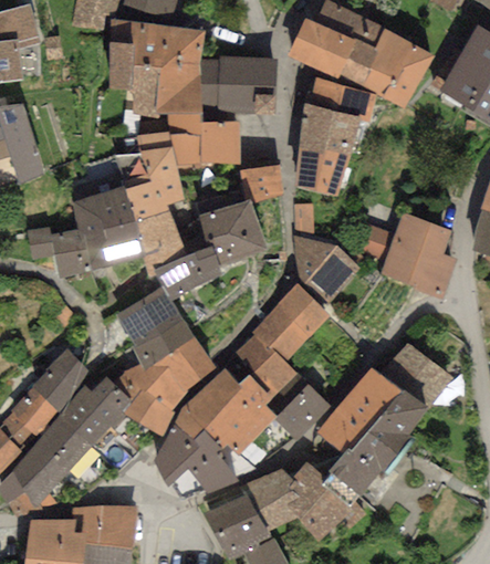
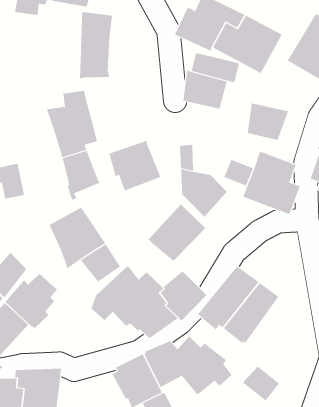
building: [107,18,161,116] -> none
building: [198,55,275,113] -> none
building: [166,112,239,169] -> none
building: [292,144,348,195] -> [247,103,289,141]
building: [239,164,283,202] -> none
building: [71,184,144,271] -> none
building: [153,244,221,300] -> none
building: [225,333,296,395] -> none
building: [378,342,452,408] -> none
building: [111,358,186,435] -> none
building: [154,424,237,498] -> none
building: [327,447,378,495] -> [242,365,280,402]

